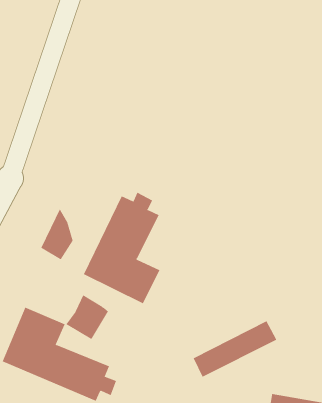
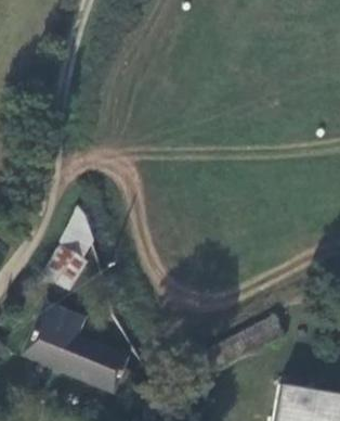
building: [83,192,160,304] -> none
building: [66,294,109,340] -> [44,246,86,290]

